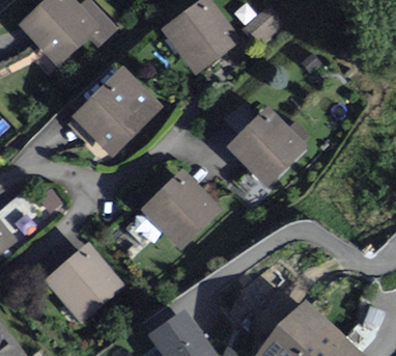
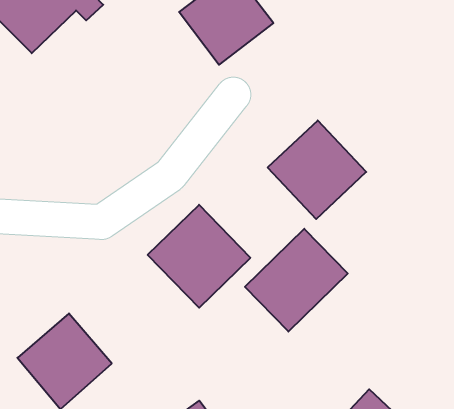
building: [76,71,158,153] -> none
building: none -> [245,229,348,332]

